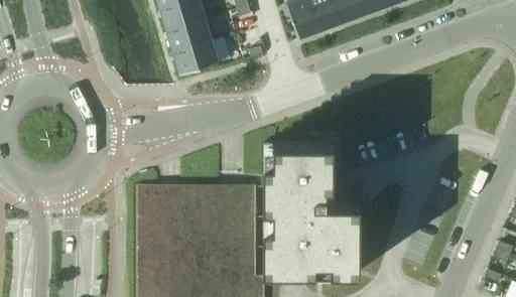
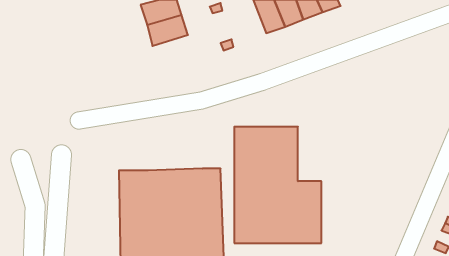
building: [174,40,221,75] -> none

